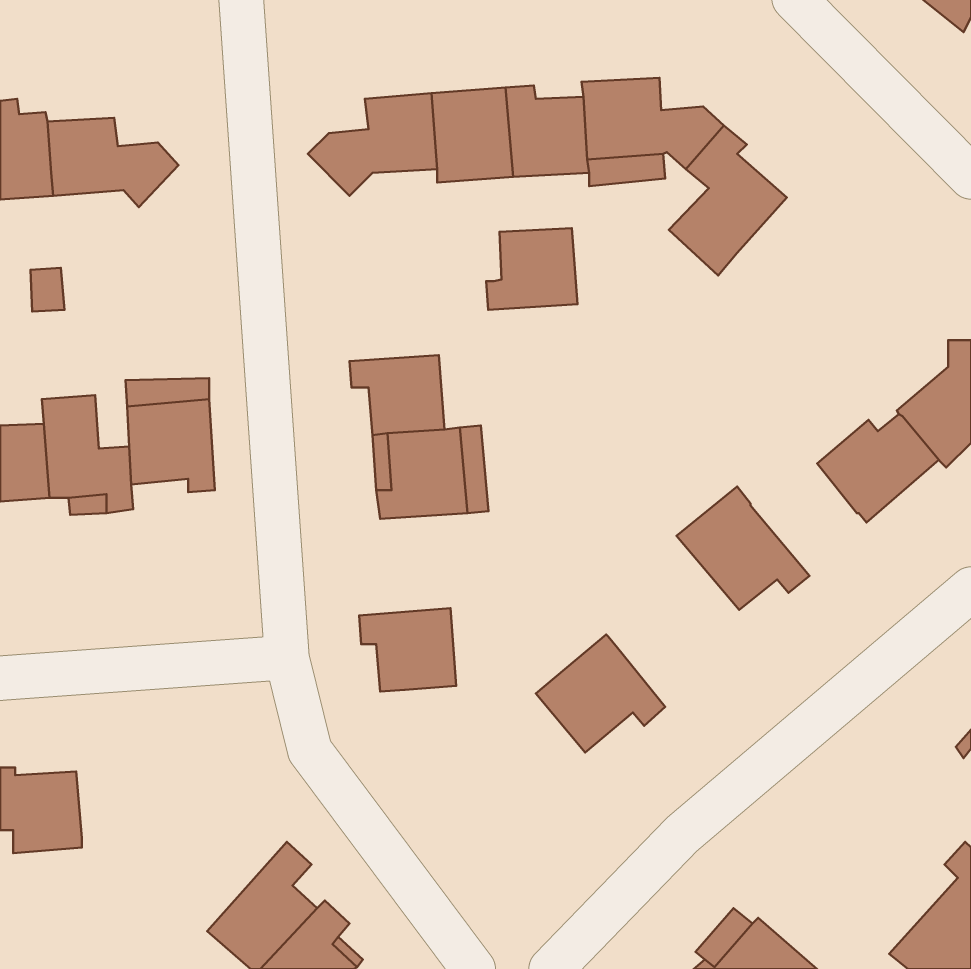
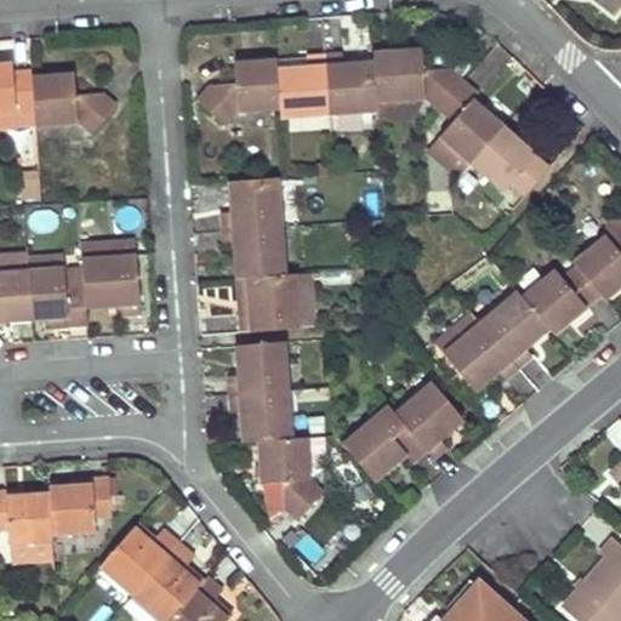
building: none -> [471,126,547,194]
building: [486,228,577,310] -> [222,178,280,230]
building: none -> [479,290,547,368]
building: none -> [228,341,287,393]
building: none -> [394,382,463,458]
building: none -> [258,435,323,520]
building: none -> [49,478,110,535]
building: none -> [99,522,183,594]

